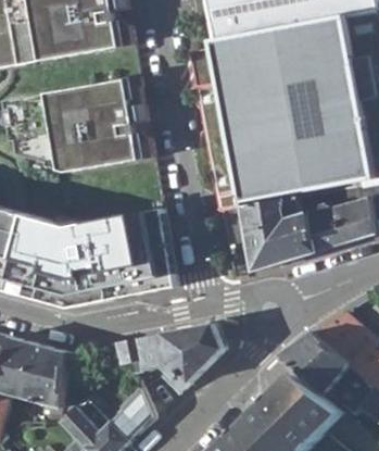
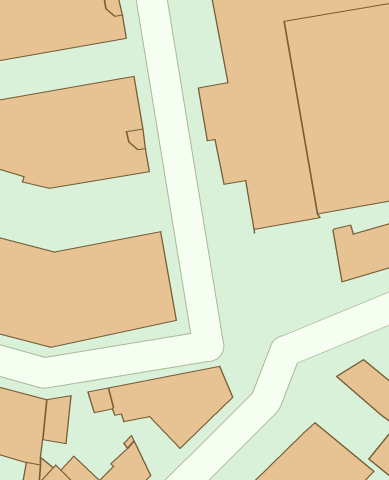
building: [239,195,313,268] -> none
building: [278,331,346,391] -> none

